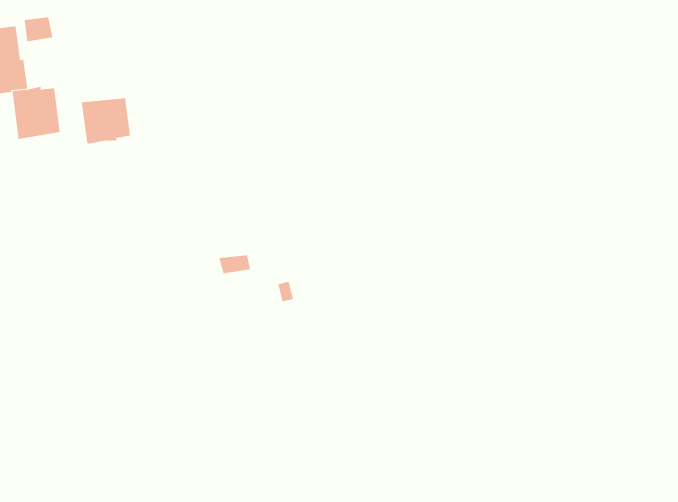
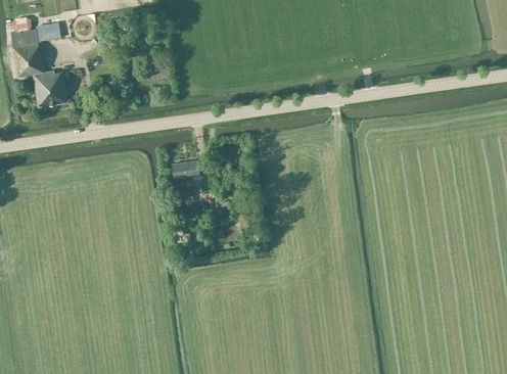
building: [81,98,130,144] -> none
building: none -> [173,160,200,178]

